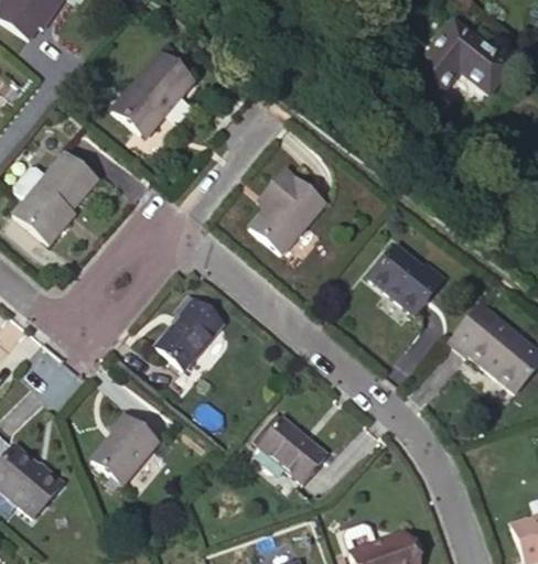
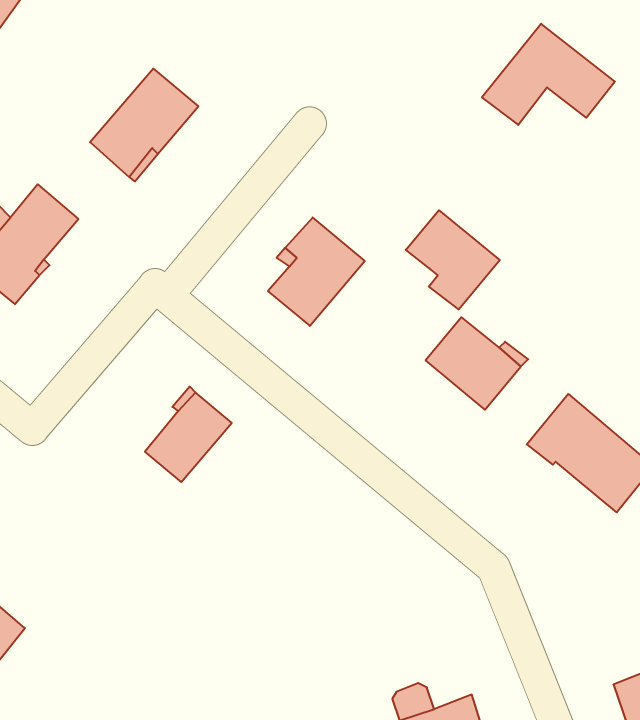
building: none -> [406,210,500,309]
building: [89,413,157,485] -> none
building: [259,419,327,484] -> none

